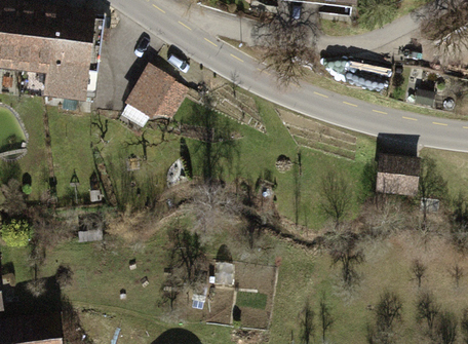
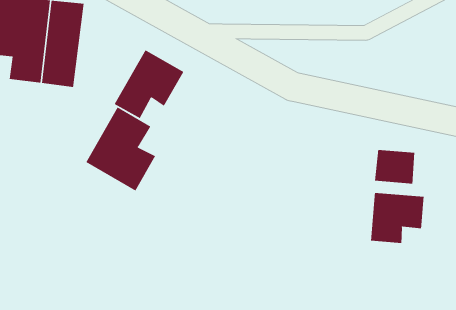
building: none -> [85,106,156,192]
building: none -> [370,192,424,244]

